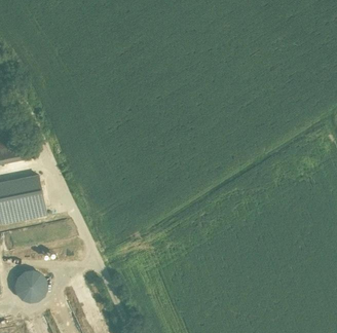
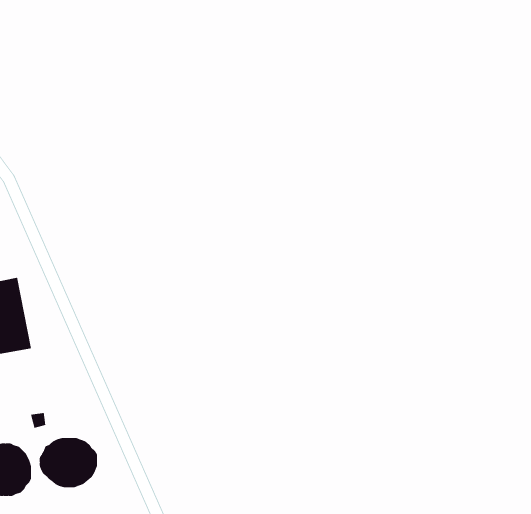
building: none -> [39,437,98,488]

